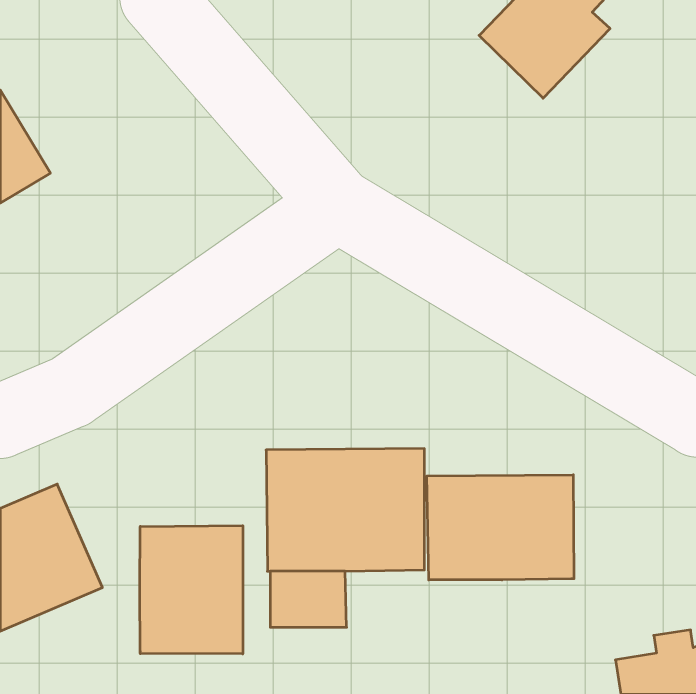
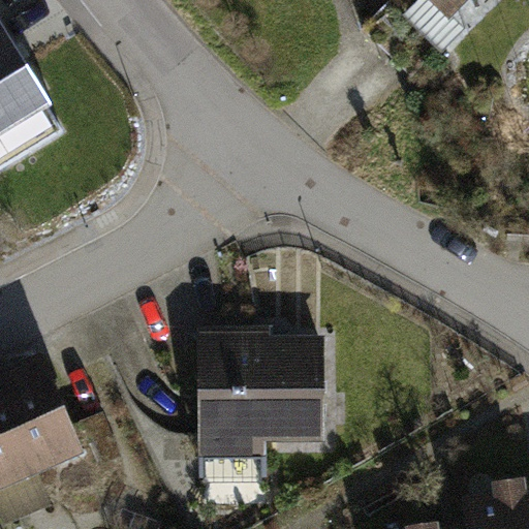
building: [427,475,574,580] -> none
building: [140,526,243,654] -> none

